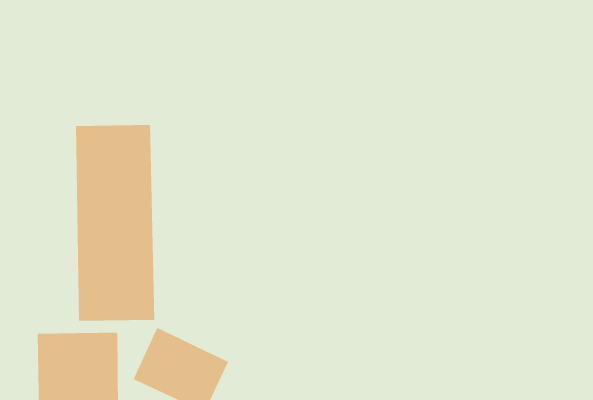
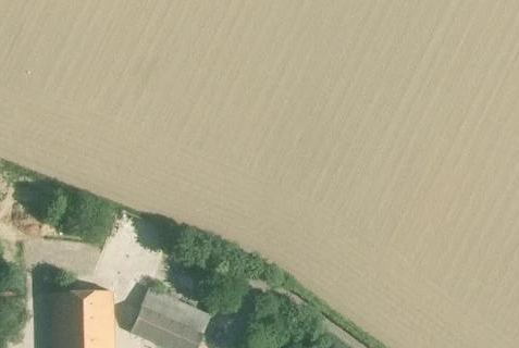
building: [75,124,155,322] -> none

